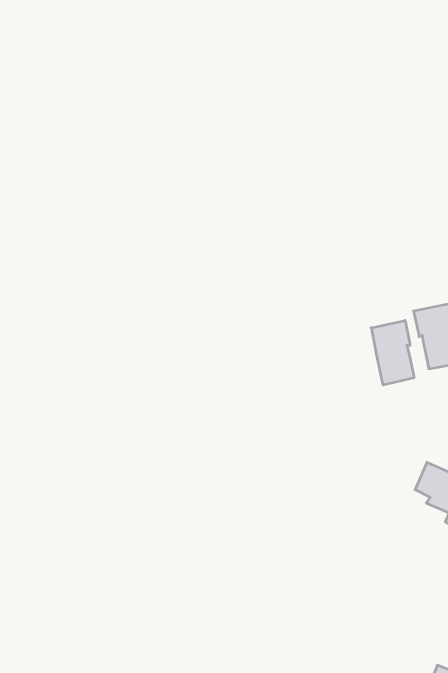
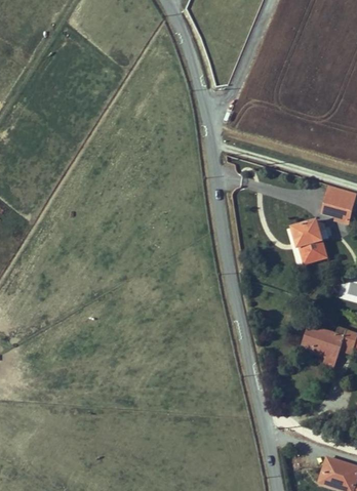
building: [371,320,414,385] -> none

